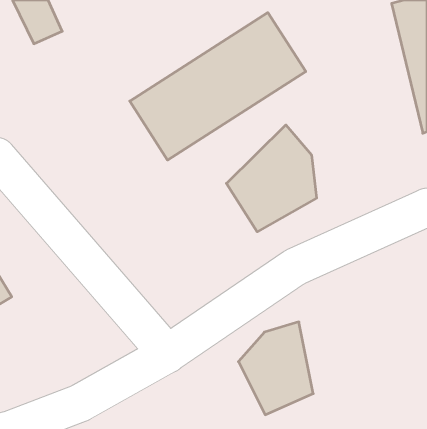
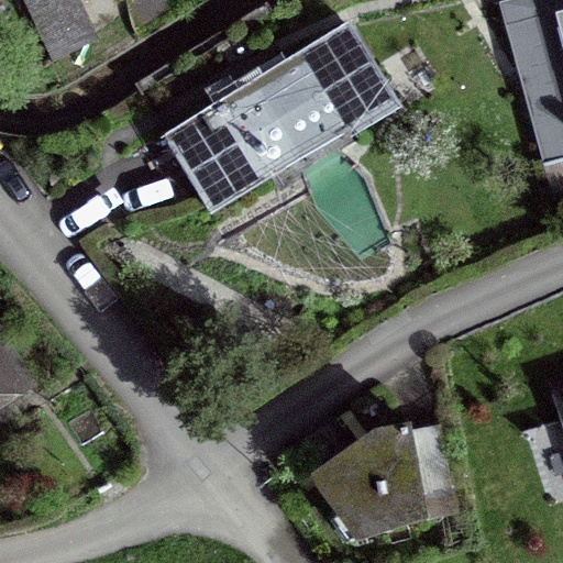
building: [226,125,317,232] -> none
building: none -> [390,422,456,521]

